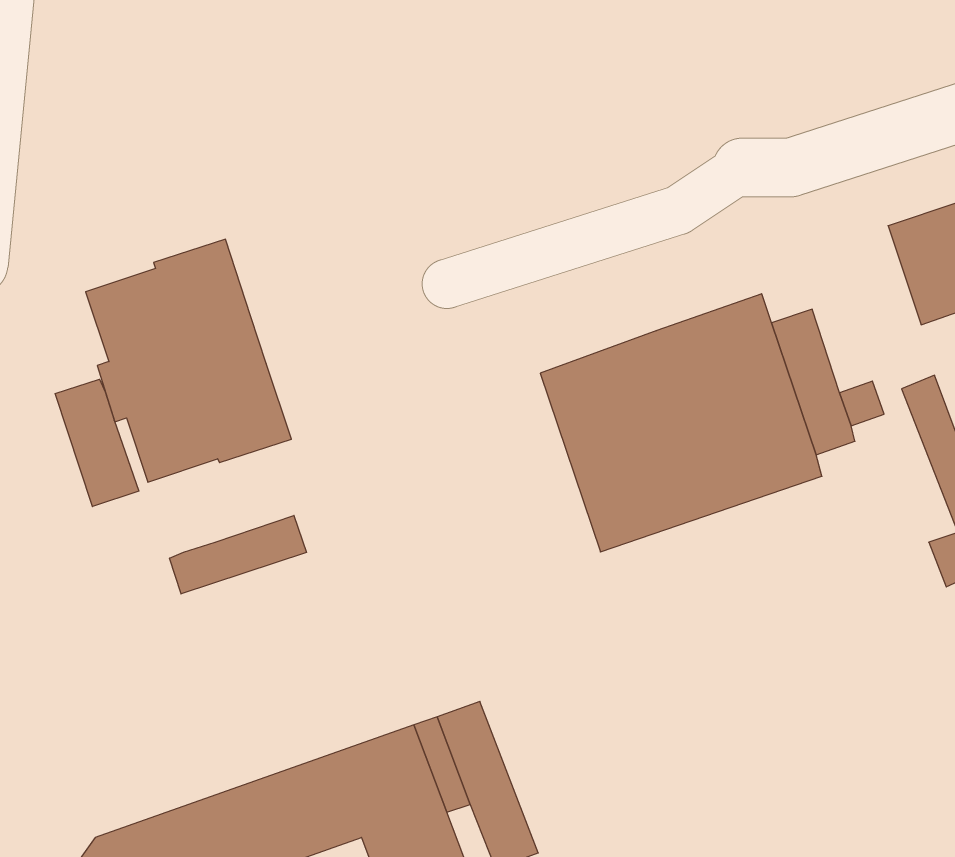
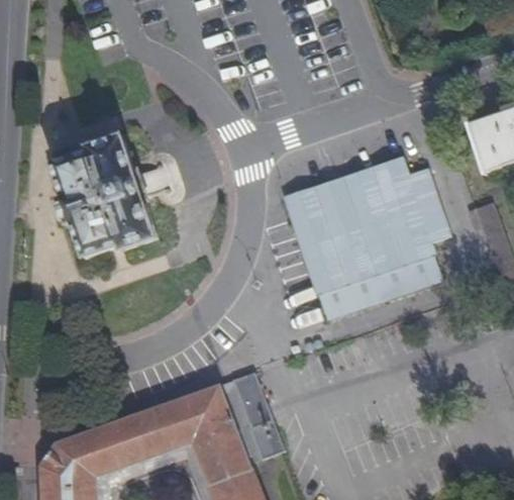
building: [55,379,139,507] -> none
building: none -> [317,255,441,318]
building: [170,515,306,594] -> none

